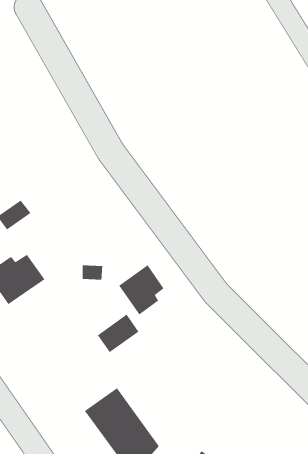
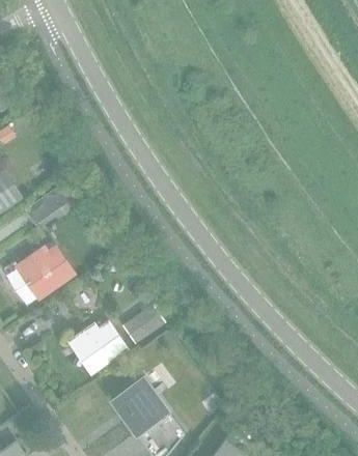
building: [118,264,165,315] -> none
building: none -> [67,322,125,373]

